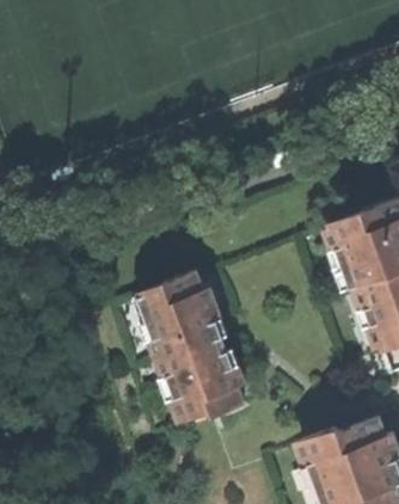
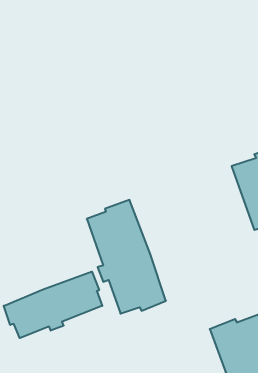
building: none -> [4,272,102,338]

